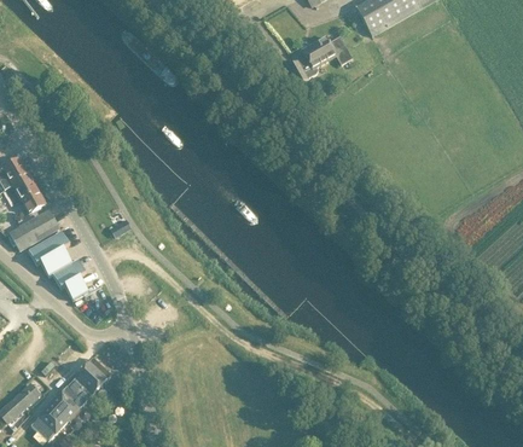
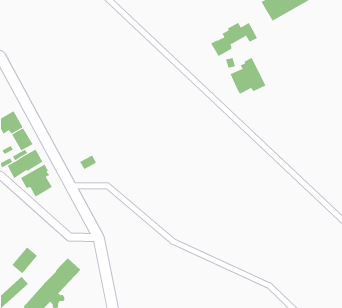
building: none -> [230,57,266,95]
building: [53,257,89,298] -> none
building: none -> [11,247,38,274]

